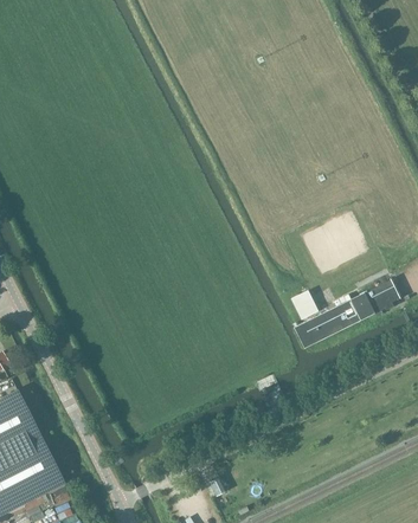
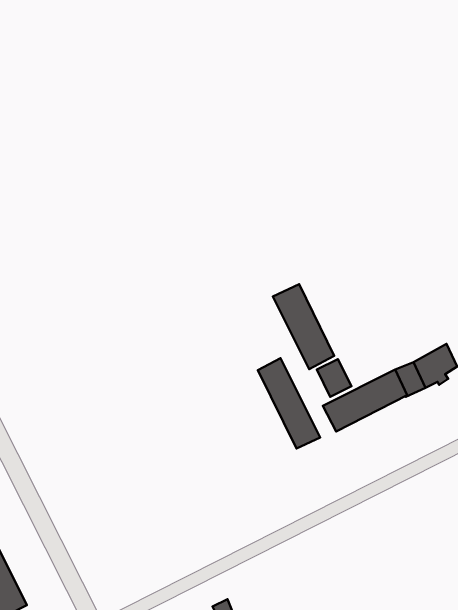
building: none -> [273,284,334,369]
building: none -> [258,358,320,449]

